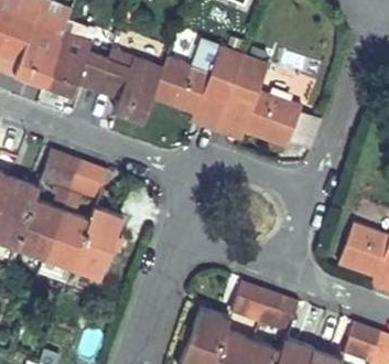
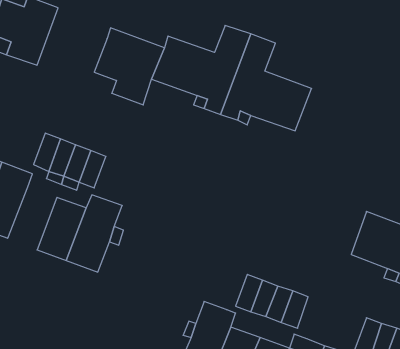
building: [43,30,109,95] -> none
building: [15,199,62,258] -> none

